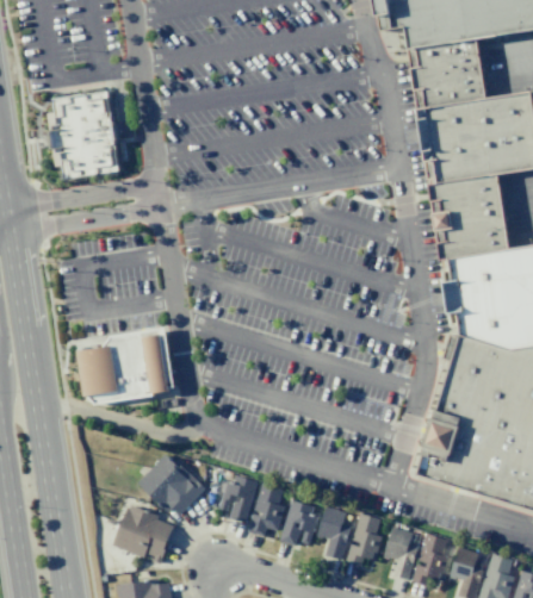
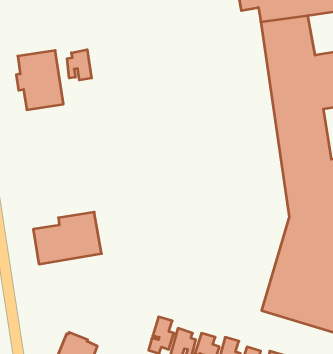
building: none -> [67,50,92,80]
building: [137,454,205,515] -> none
building: [218,475,259,523] -> none

